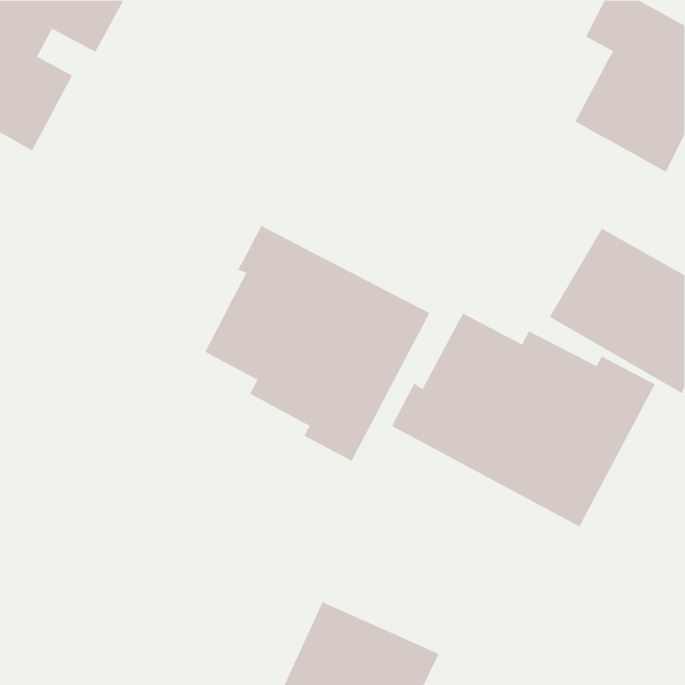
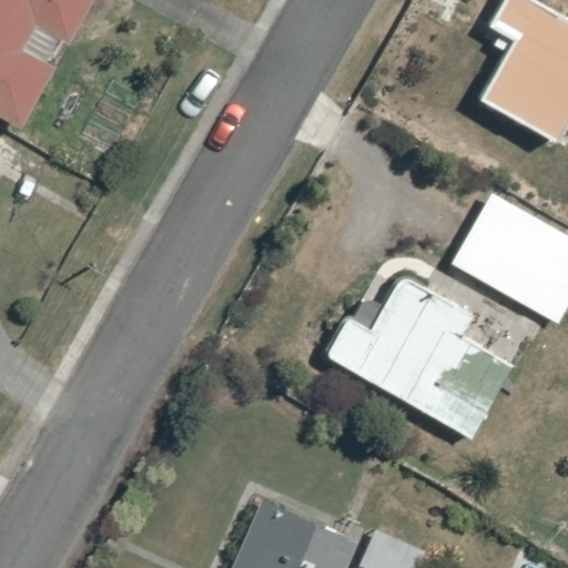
building: [204,225,430,462] -> none

